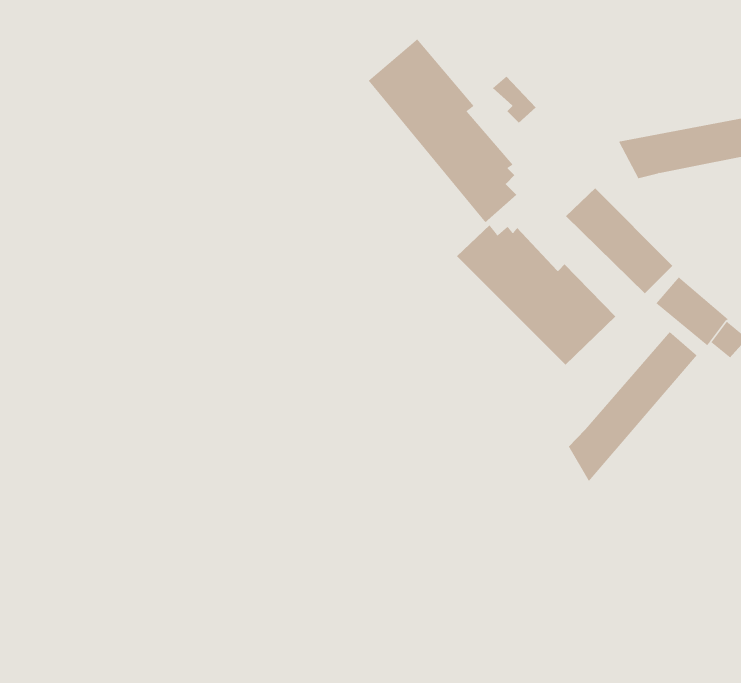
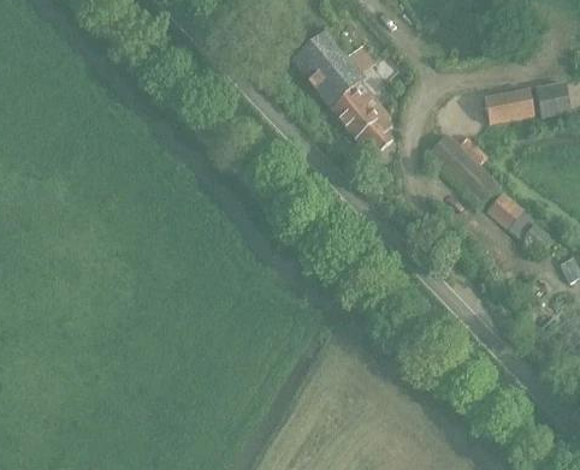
building: [456,225,616,366] -> none
building: [568,331,698,482] -> none

